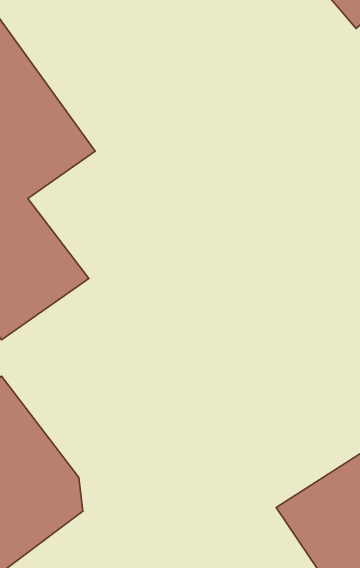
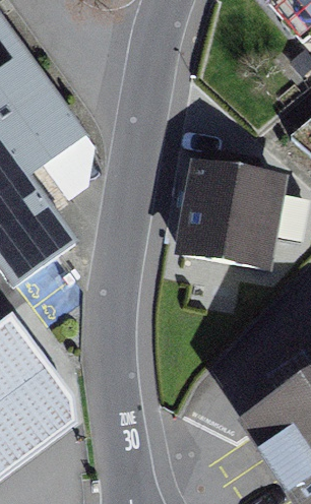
building: none -> [175,140,291,268]

